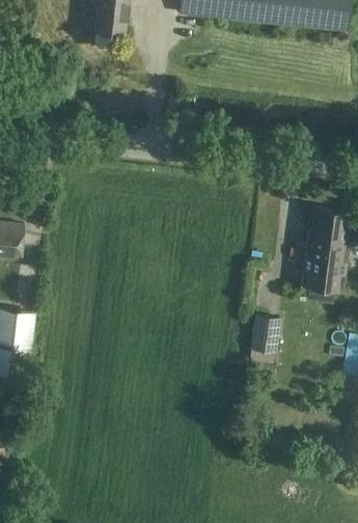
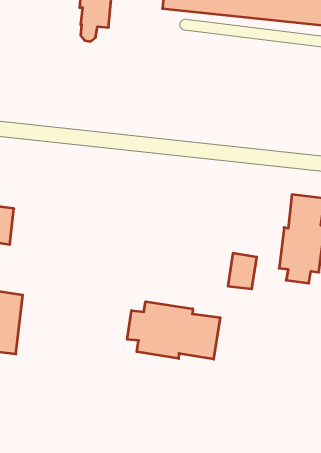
building: [249,313,279,351] -> [228,253,257,289]
building: none -> [127,302,220,359]

